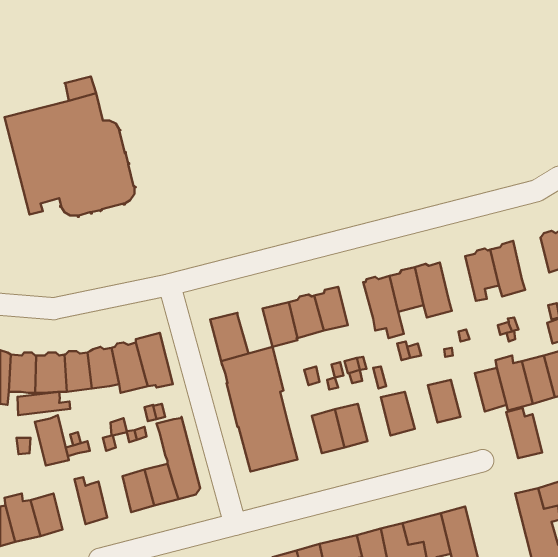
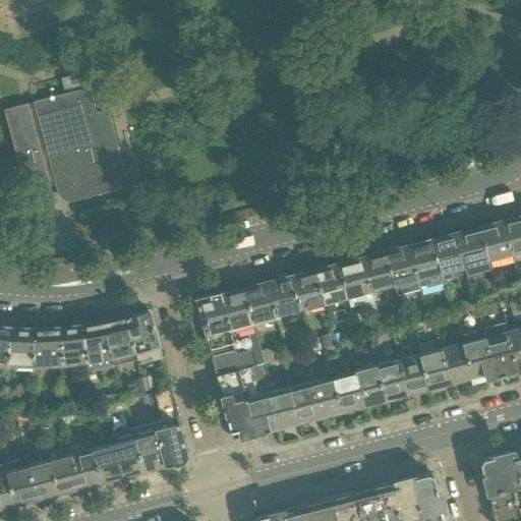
building: none -> [478,223,512,262]
building: none -> [410,239,445,290]
building: none -> [315,265,348,304]
building: none -> [222,289,254,331]
building: none -> [378,360,408,401]
building: [17,392,70,415] -> none
building: none -> [334,371,364,412]
building: [506,408,542,458] -> [418,343,452,390]
building: [35,415,69,466] -> [49,448,80,495]
building: none -> [269,389,300,429]
building: none -> [93,445,123,483]

